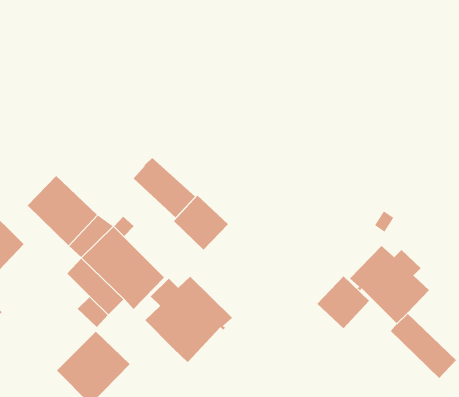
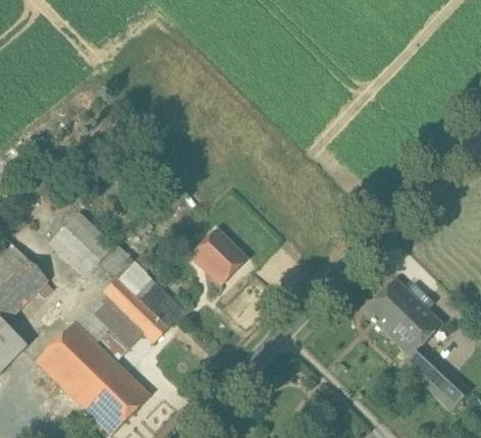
building: [133,157,196,218] -> none
building: [316,276,370,329] -> none
building: [144,276,233,362] -> none
building: none -> [36,321,116,401]

